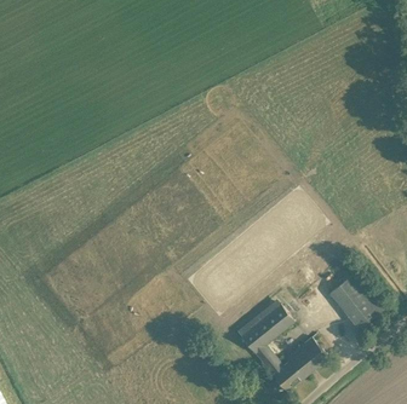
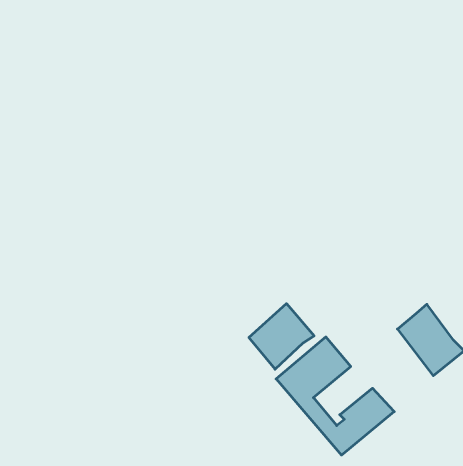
building: none -> [249,304,314,369]

